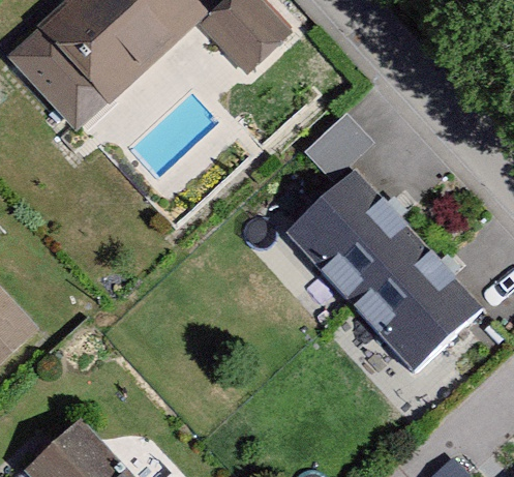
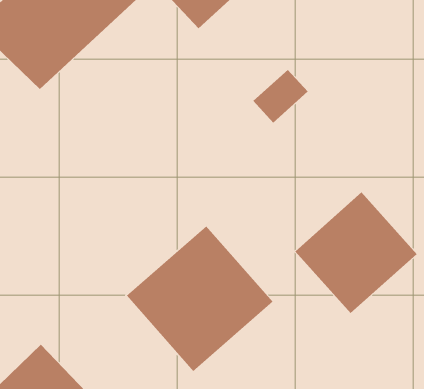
building: [296,181,430,315] -> none
building: none -> [126,225,273,372]

